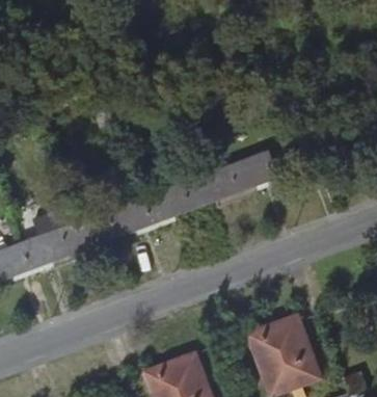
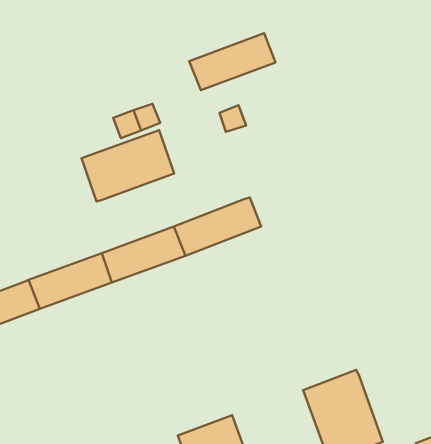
building: none -> [81,130,174,202]
building: [208,152,278,198] -> [189,33,275,90]

